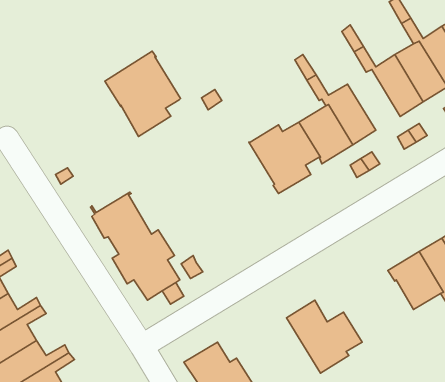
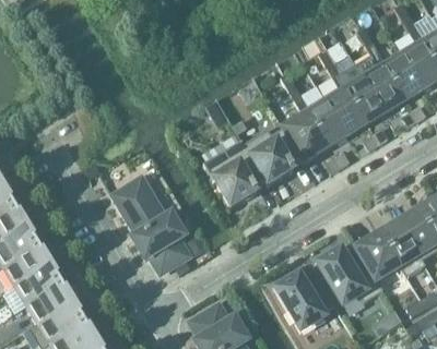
building: [105,51,180,136] -> [202,139,263,207]
building: none -> [322,84,365,133]
building: none -> [315,245,383,304]

